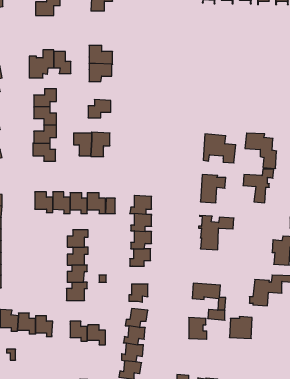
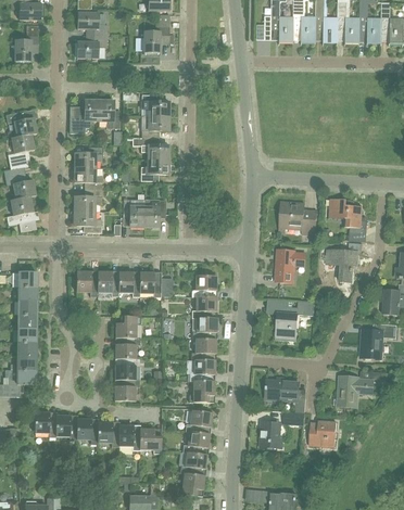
building: none -> [132,138,169,161]
building: none -> [189,359,213,381]
building: none -> [97,422,118,446]

